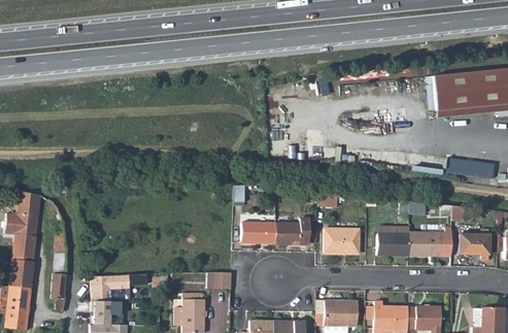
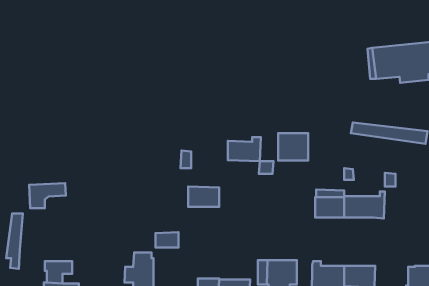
building: [276,220,311,245] -> [228,137,261,161]
building: [328,225,360,254] -> [278,133,308,160]
building: [461,229,488,255] -> none
building: [90,275,129,302] -> [29,183,66,208]

